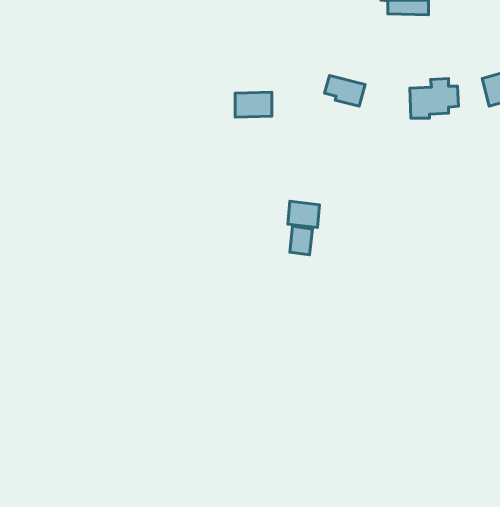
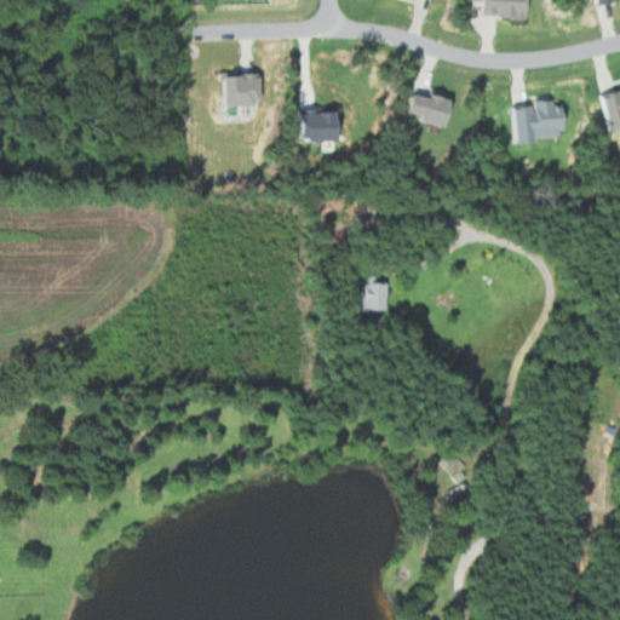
building: none -> [220,73,265,107]
building: [288,201,320,228] -> none

